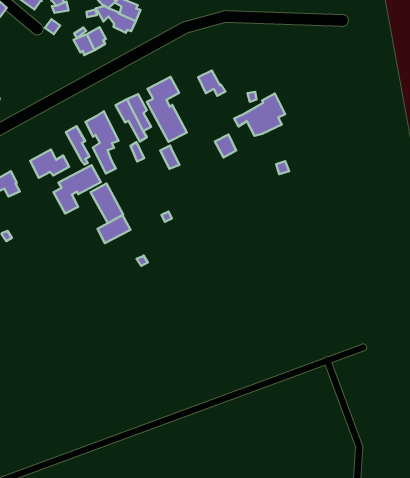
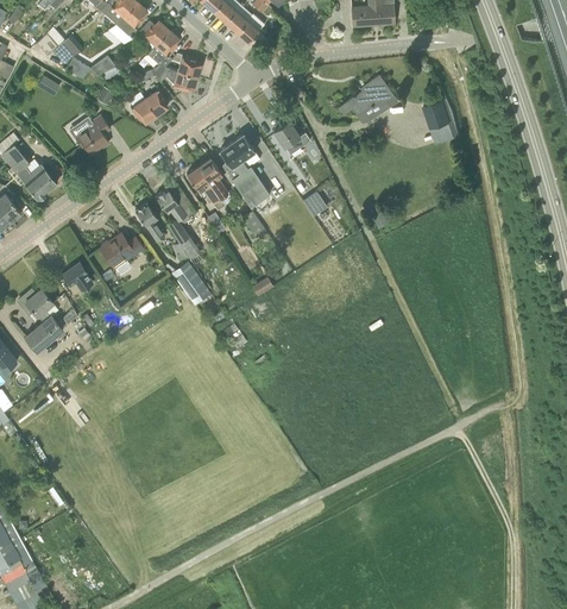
building: none -> [75,115,111,153]
building: none -> [423,99,459,144]
building: [234,94,285,136] -> [338,74,393,124]
building: [53,165,101,214] -> none
building: [98,215,130,243] -> none

